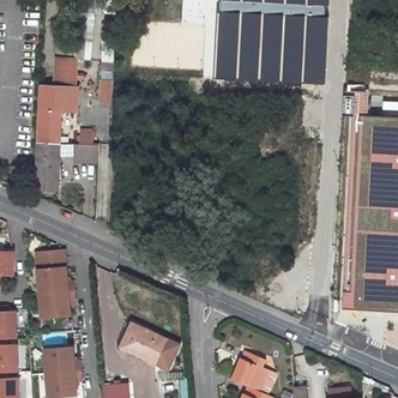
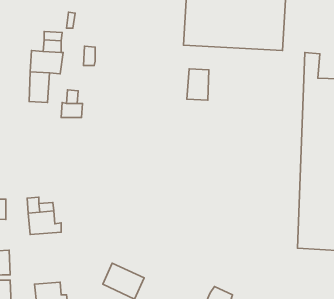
building: none -> [187,69,209,100]
building: [35,143,58,189] -> none
building: [38,290,74,316] -> none

